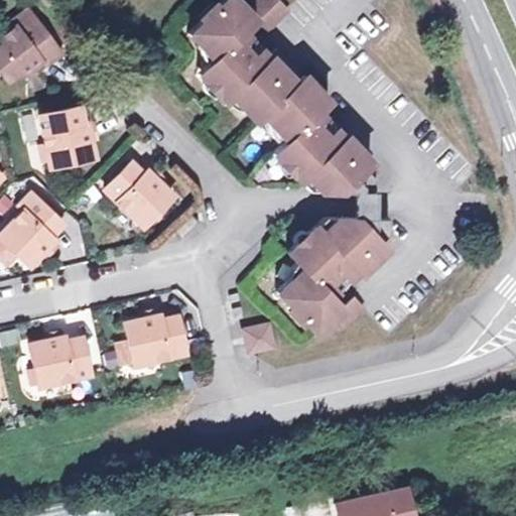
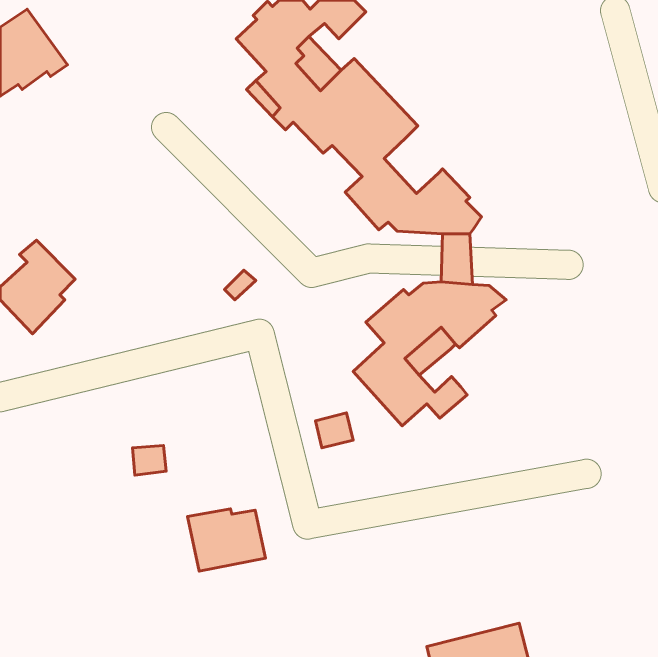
building: [39,106,95,165] -> none
building: [302,112,345,155] -> none
building: [106,160,173,224] -> none
building: [127,313,187,362] -> [188,509,265,571]
building: [30,333,92,384] -> none

